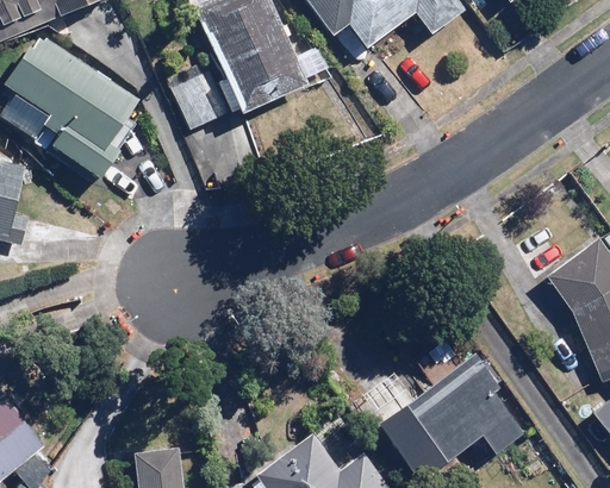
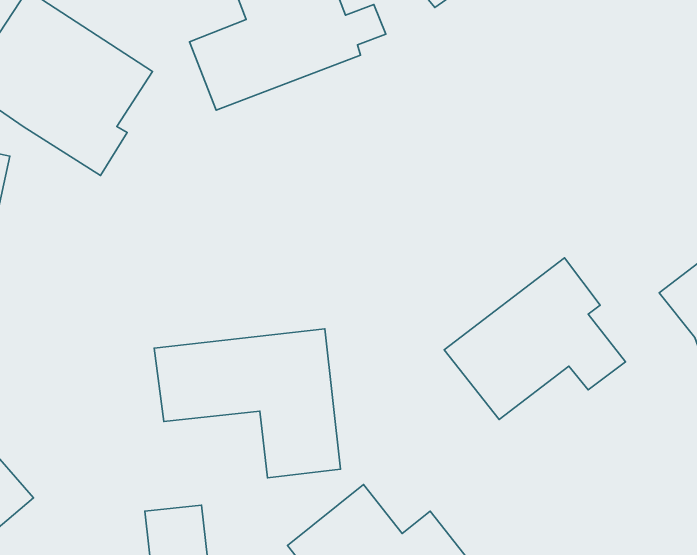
building: none -> [154,329,340,478]
building: [379,348,524,477] -> [444,258,625,420]

